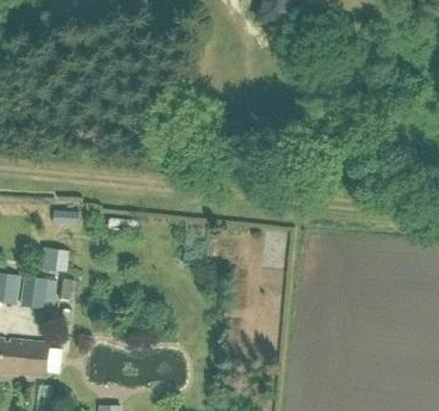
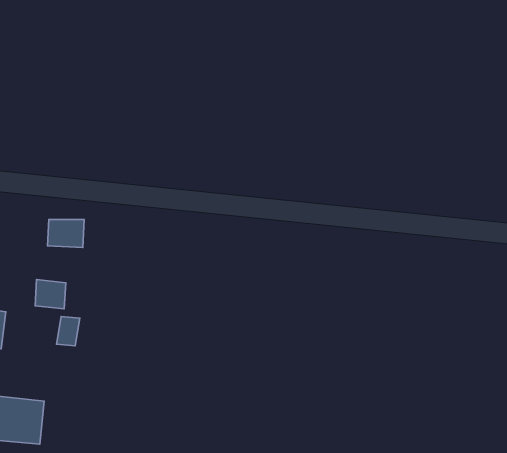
building: [21,274,56,308] -> none

